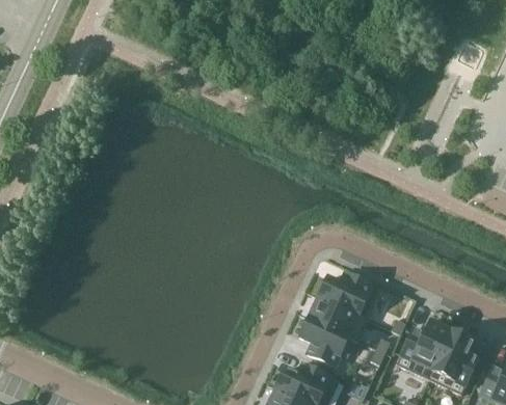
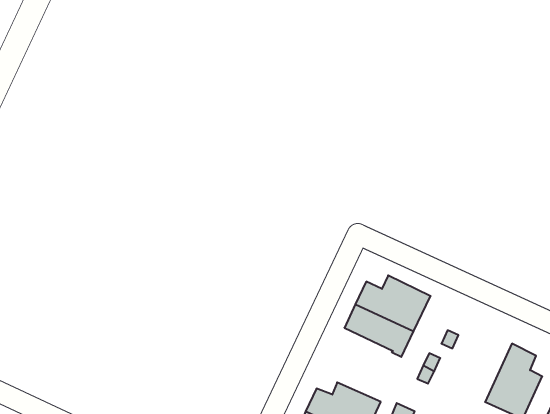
building: [298,317,349,367] -> none
building: [396,321,451,380] -> none

